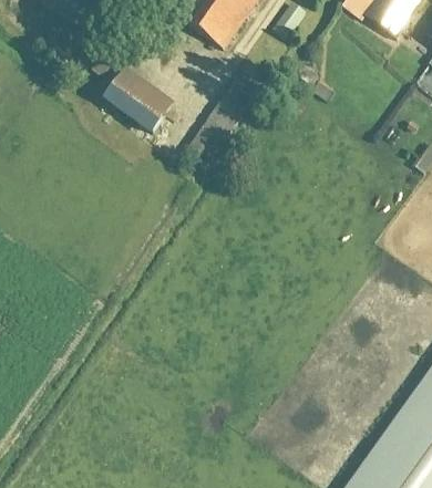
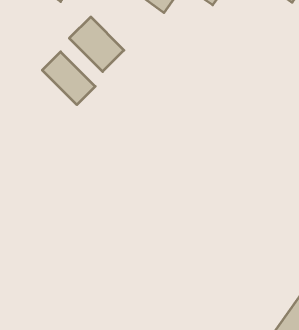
building: none -> [42,52,95,105]

